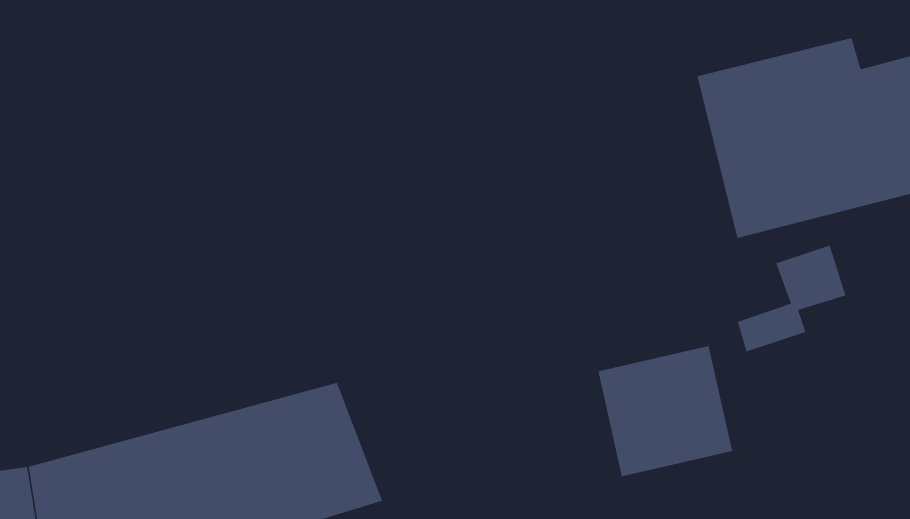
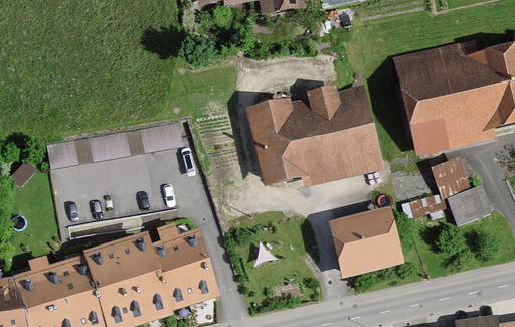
building: none -> [252,87,386,197]
building: none -> [446,181,490,220]

